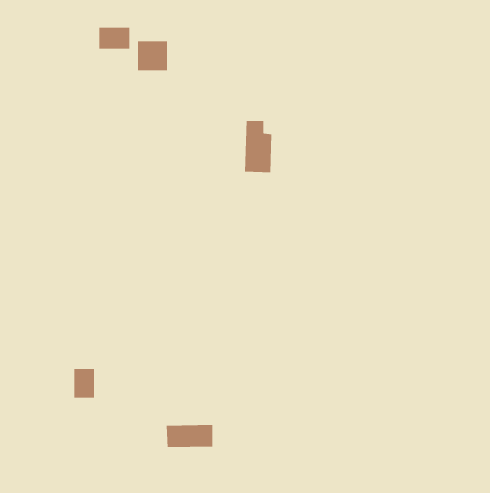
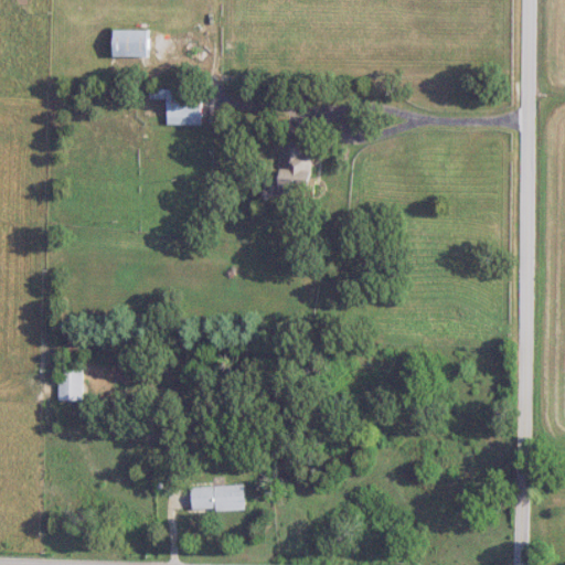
building: [137,41,168,71] -> [166,89,201,124]
building: [73,368,95,398] -> [57,365,82,399]

